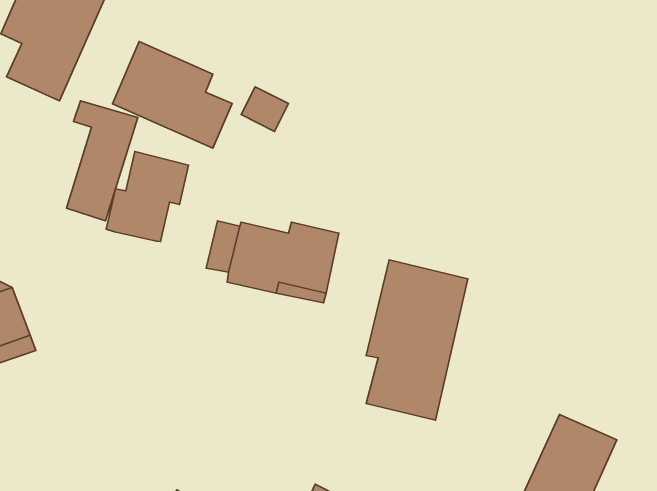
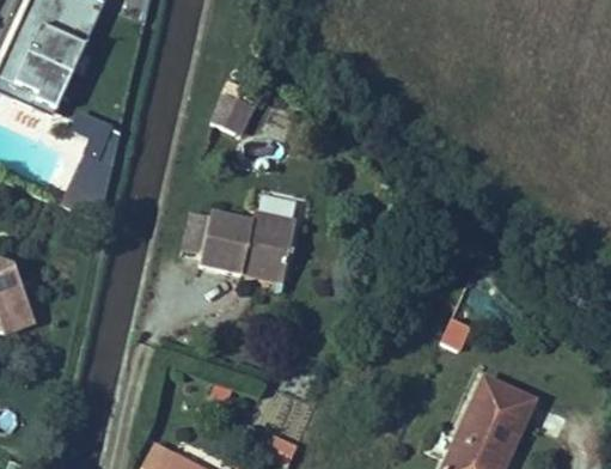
building: [113,41,232,148] -> none
building: [106,152,189,242] -> none
building: [366,260,468,420] -> none

